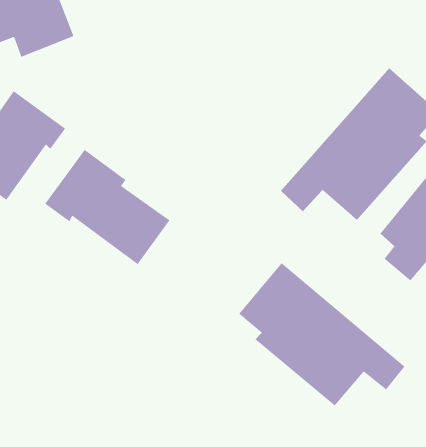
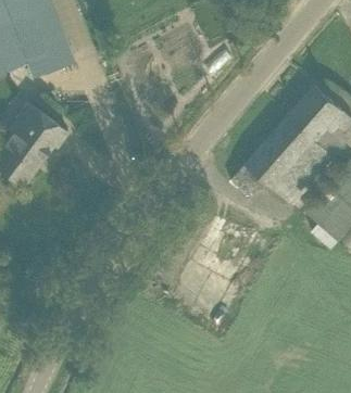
building: [44,149,171,265] -> none
building: [238,262,405,407] -> none

